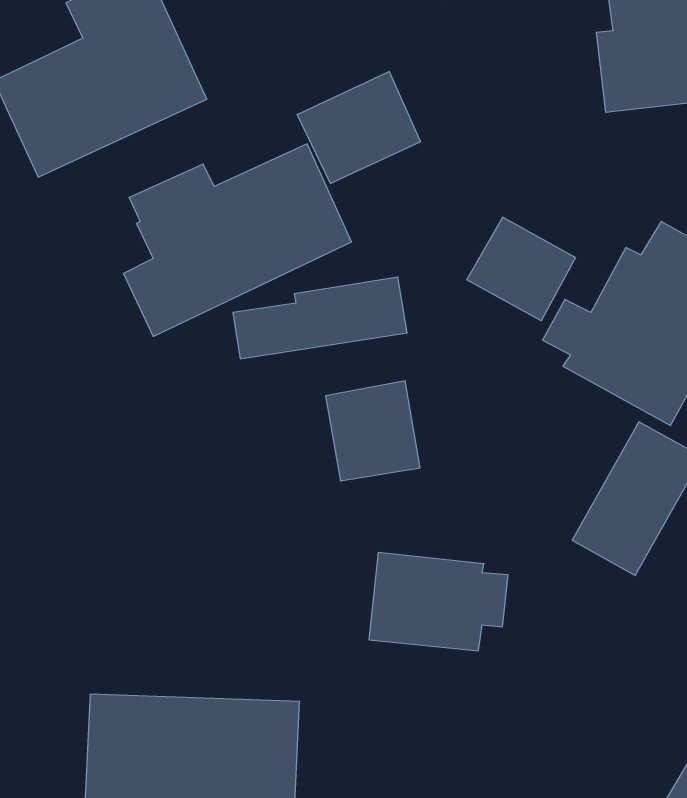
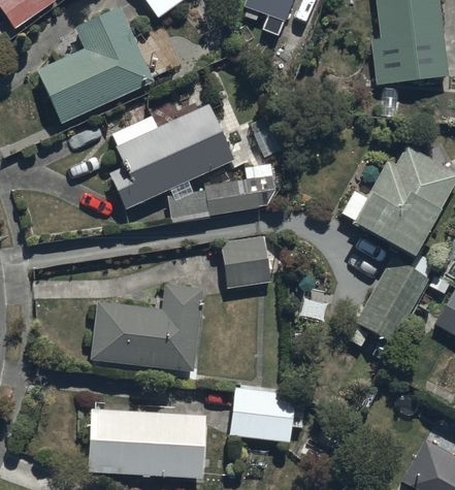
building: [297,71,421,184] -> none
building: [467,217,576,321] -> none
building: none -> [91,284,203,370]
building: [369,553,508,651] -> [230,387,307,442]

